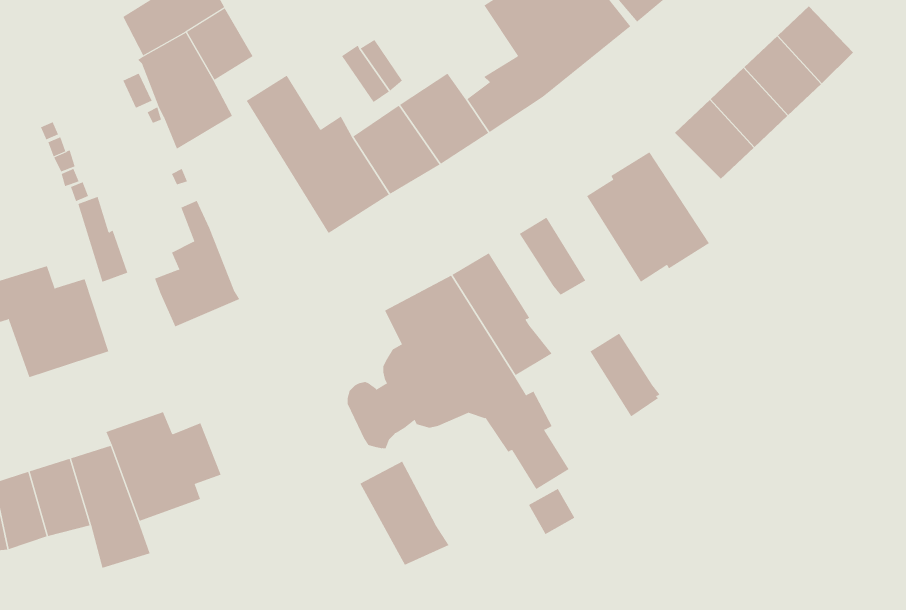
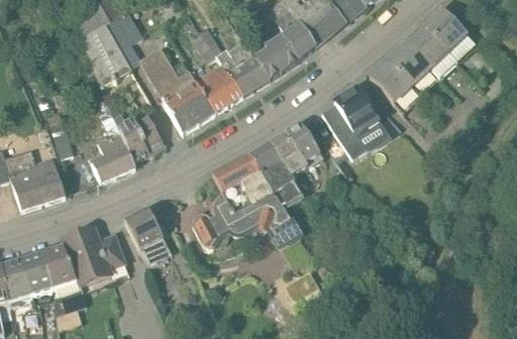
building: none -> [119,118,165,162]
building: [590,333,661,417] -> [270,132,308,178]
building: [360,461,449,566] -> [124,209,173,265]

